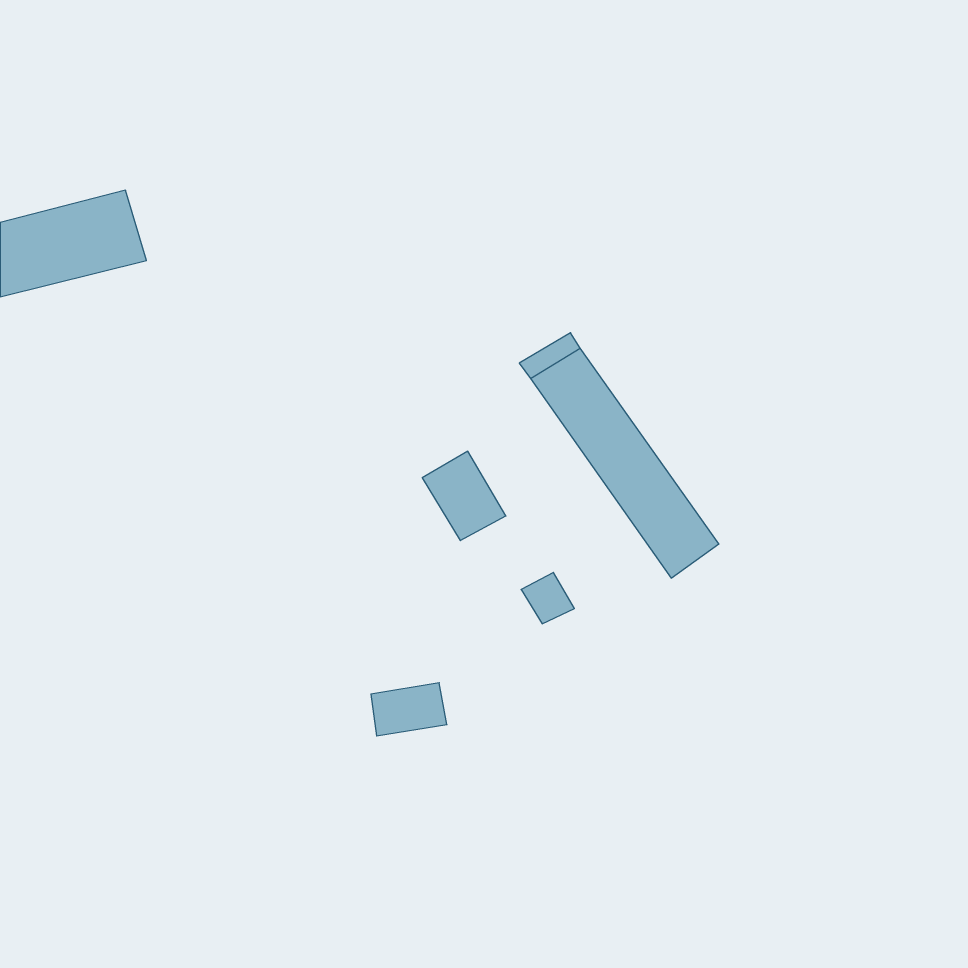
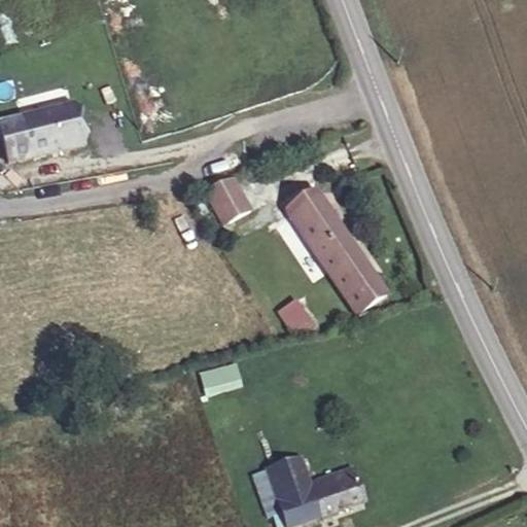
building: [422,451,506,541] -> [207,182,252,231]
building: none -> [262,447,356,516]

